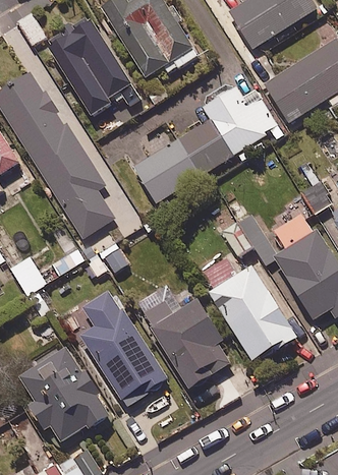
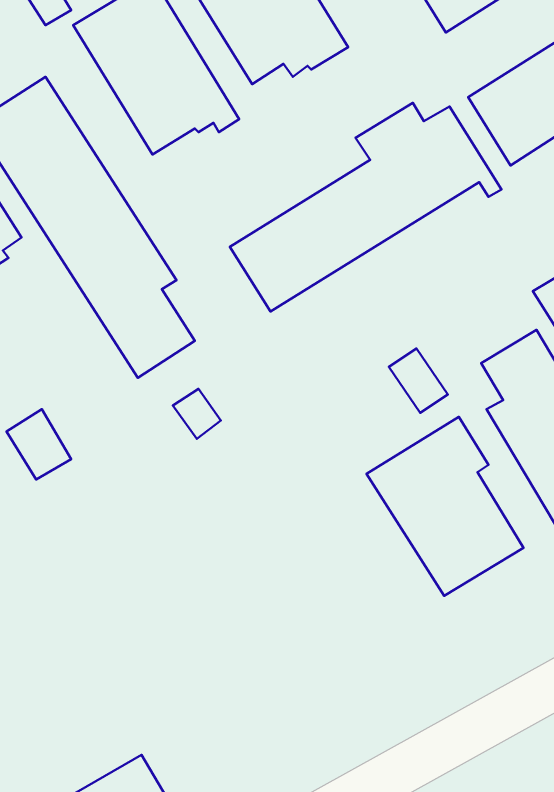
building: [136,284,229,388] -> none
building: [79,290,168,407] -> none
building: [19,346,108,441] -> none

